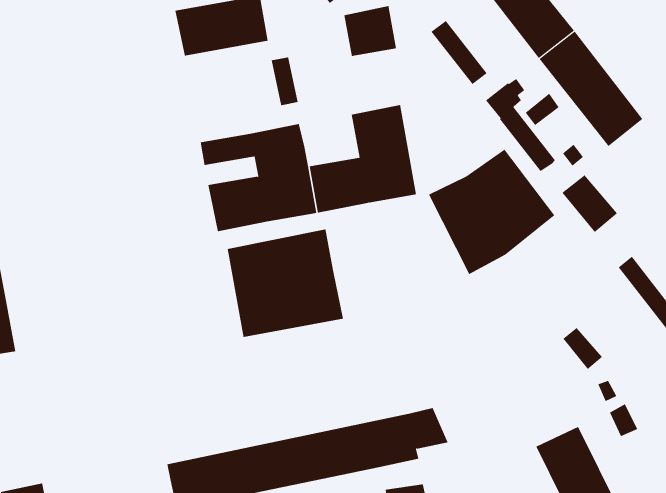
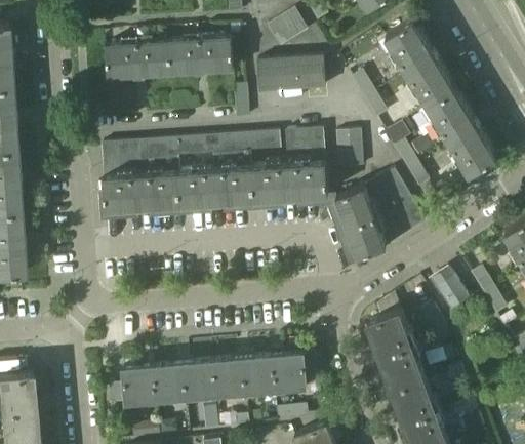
building: none -> [105,41,170,80]
building: none -> [255,58,291,92]
building: none -> [335,129,364,168]
building: none -> [248,131,280,151]
building: [562,175,618,233] -> [432,268,471,311]
building: [227,229,344,338] -> [100,138,179,210]
building: none -> [367,310,425,388]

